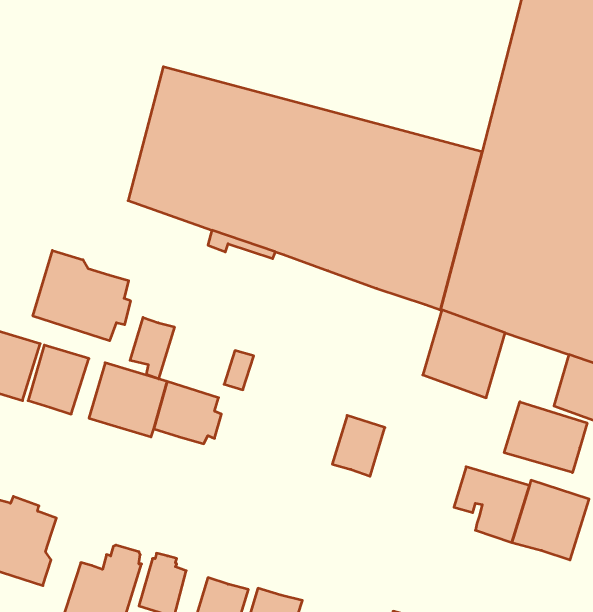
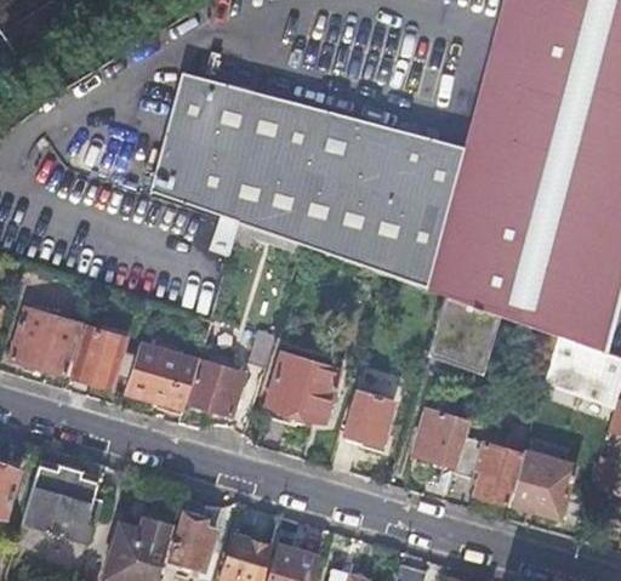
building: [33,250,130,341] -> none
building: [130,317,174,379] -> none
building: none -> [264,353,341,426]
building: [504,402,587,473] -> none
building: none -> [412,409,466,465]

